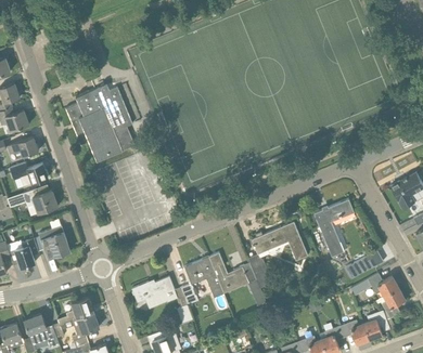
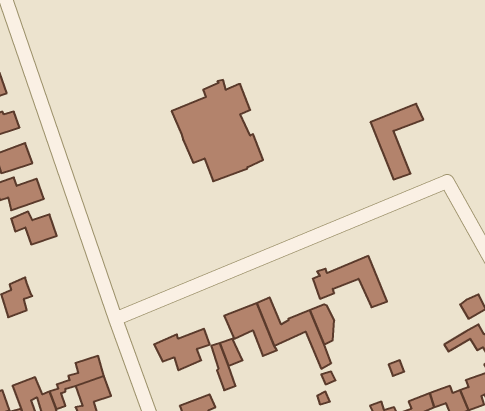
building: [65,84,134,161] -> [172,80,263,181]
building: [313,199,354,257] -> [370,104,423,179]
building: [35,226,70,259] -> none

